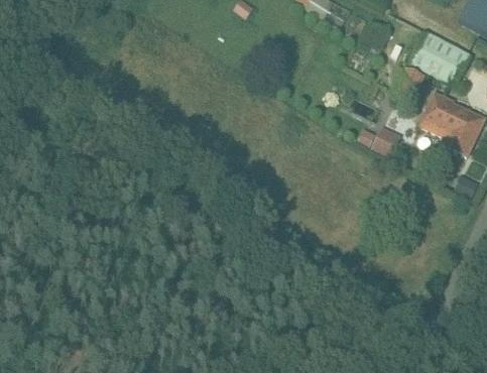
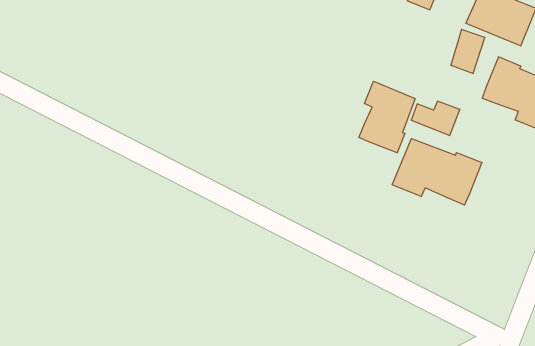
building: none -> [359,81,415,153]
building: none -> [392,139,482,205]

